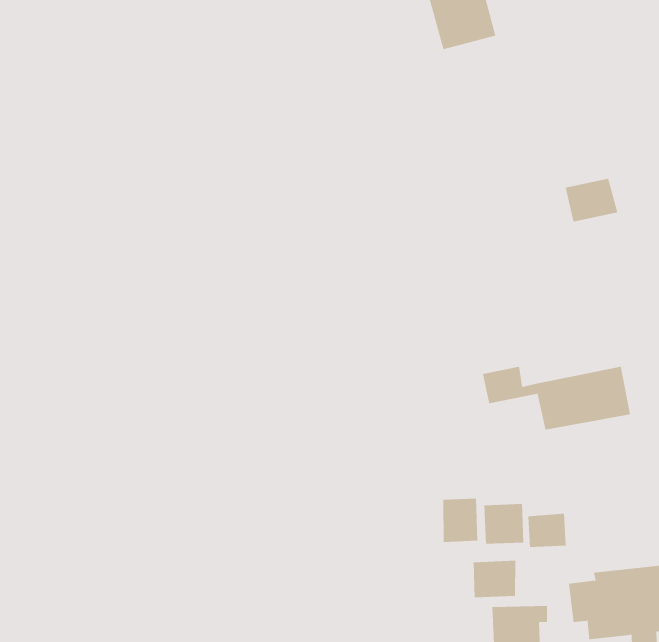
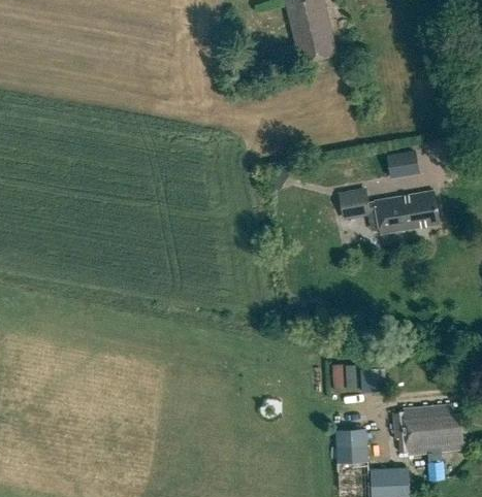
building: [482,366,631,430] -> [339,191,437,233]
building: [443,498,478,543] -> none
building: [473,560,516,598] -> none

